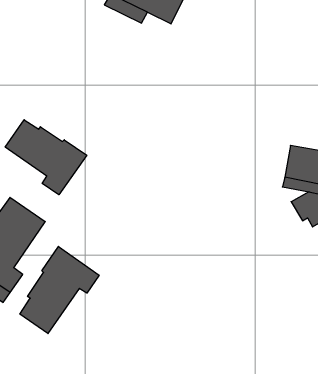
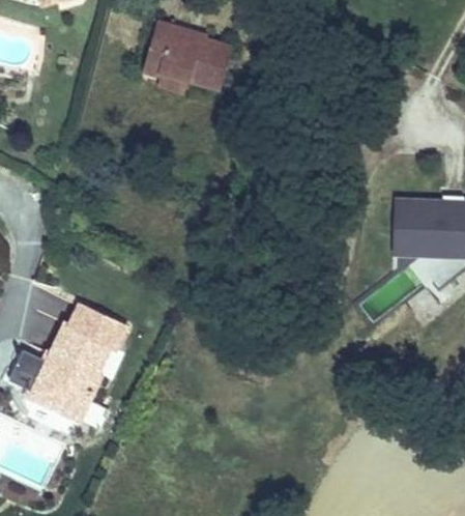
building: [5,120,87,195] -> none
building: [20,246,99,334] -> none

